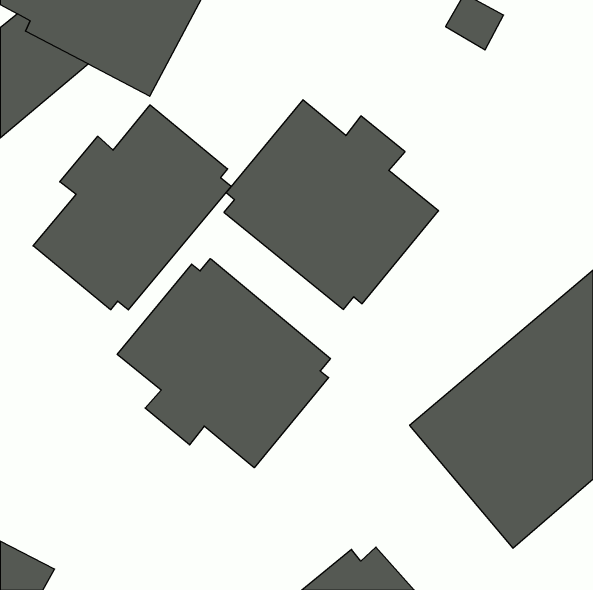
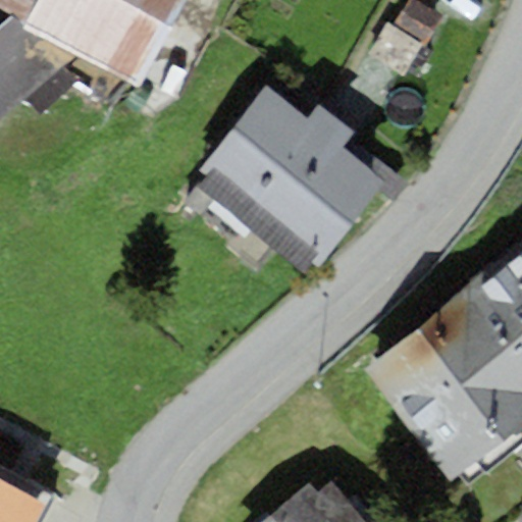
building: [33,105,231,310] -> none
building: [117,259,330,468] -> none

